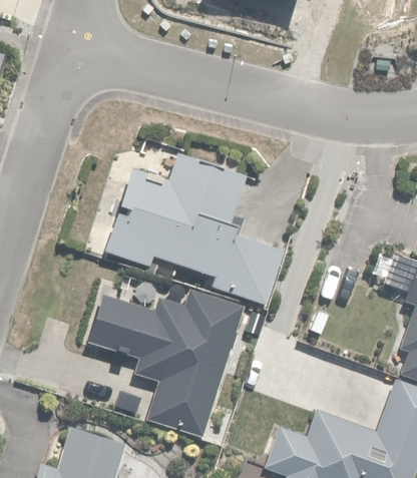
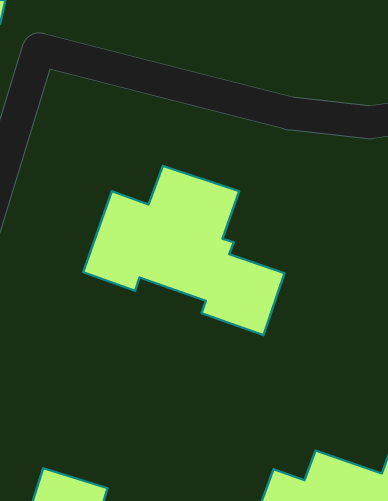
building: [86,292,243,434] -> none

